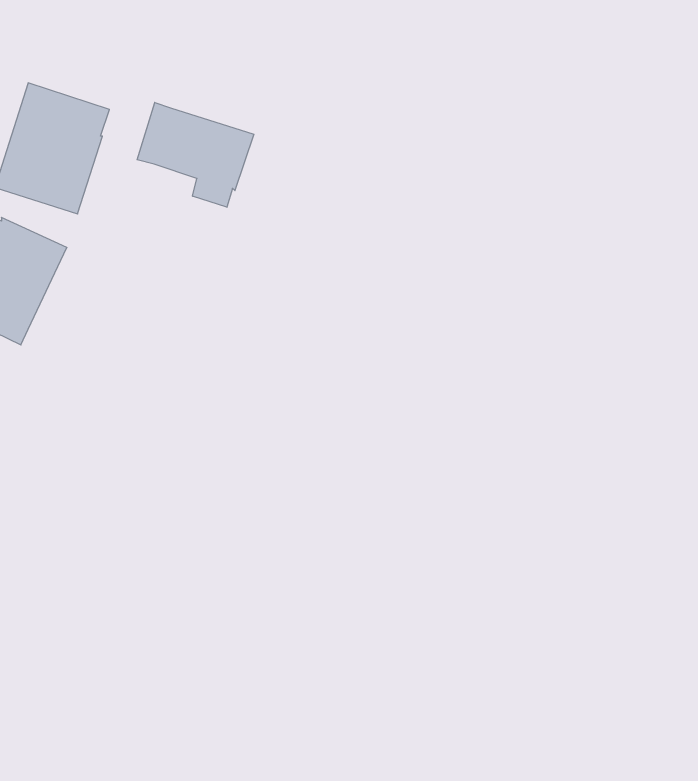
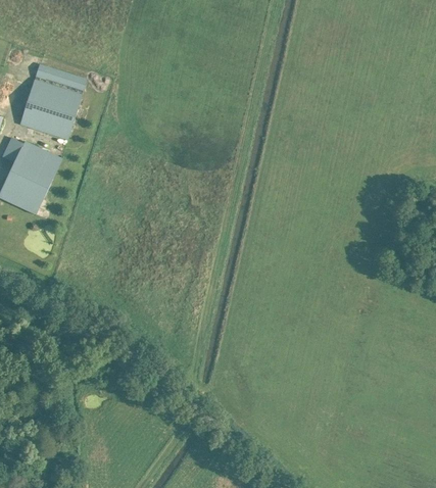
building: [137,102,254,207] -> none

